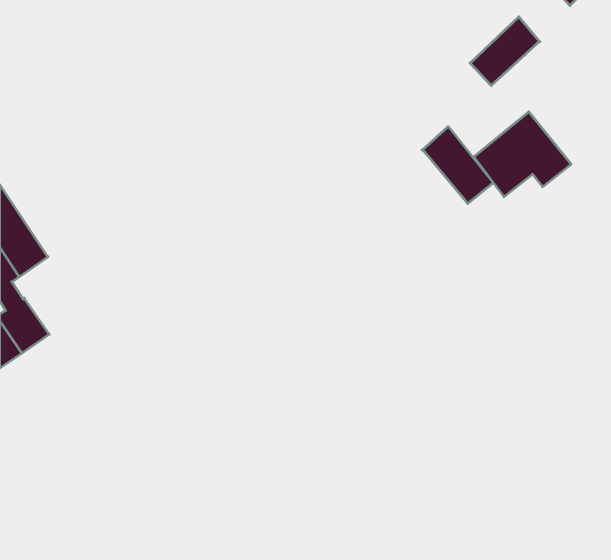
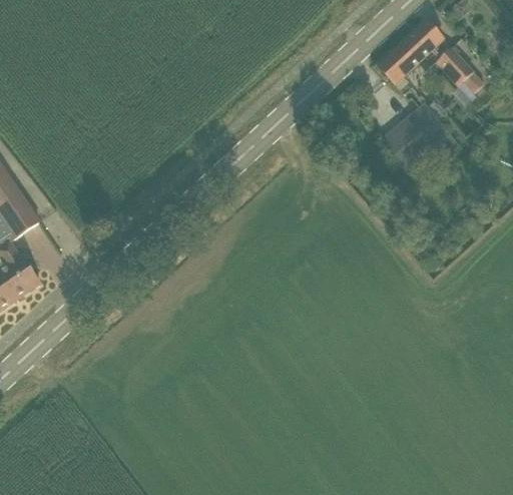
building: none -> [417,20,485,93]
building: [422,127,493,204] -> none

